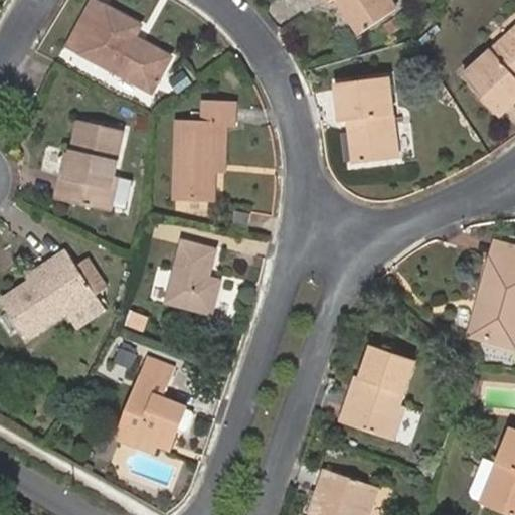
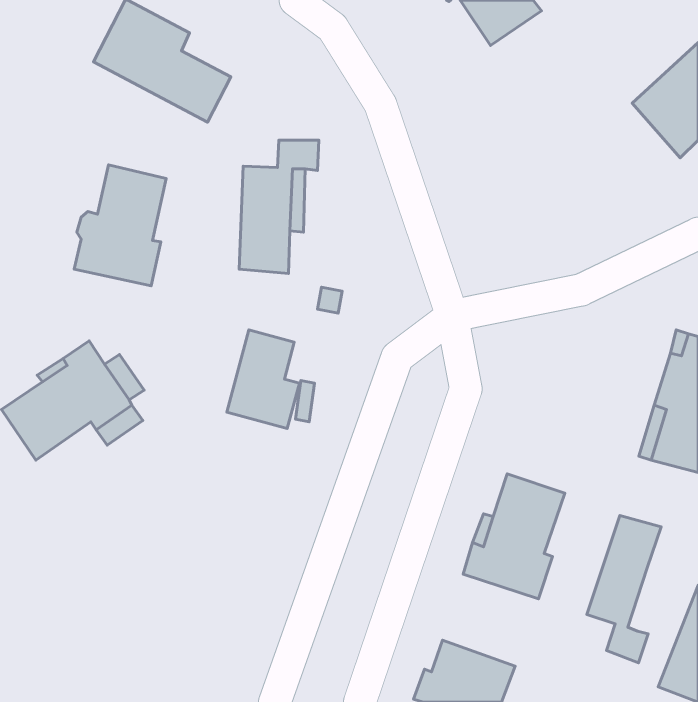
building: [335,77,398,164] -> none
building: [118,355,192,451] -> none
building: none -> [587,515,661,663]

